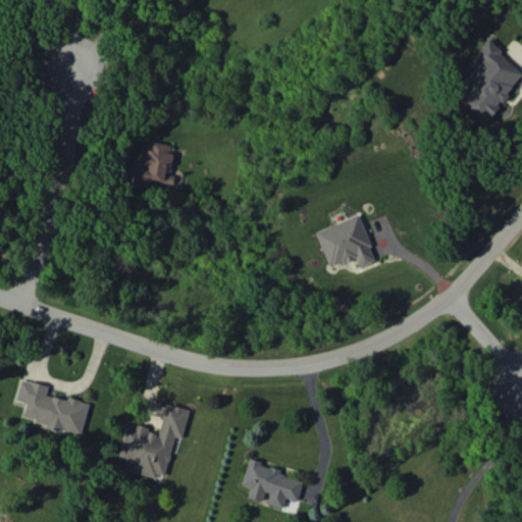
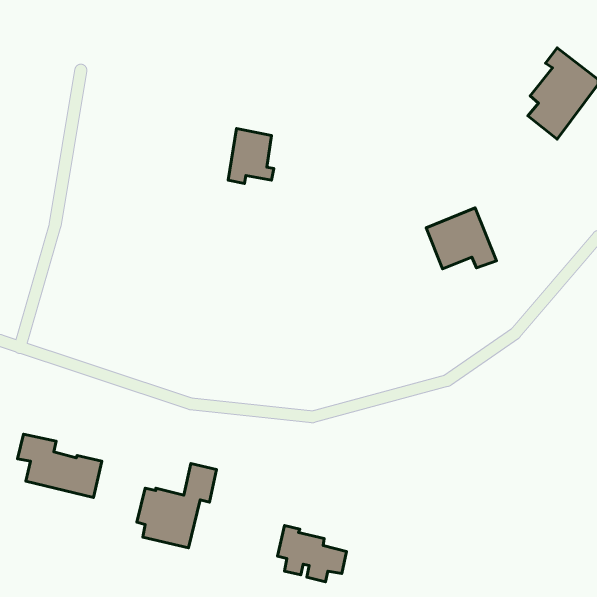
building: [137,140,176,188] -> [228,129,274,184]
building: [316,215,377,268] -> [426,208,496,269]

